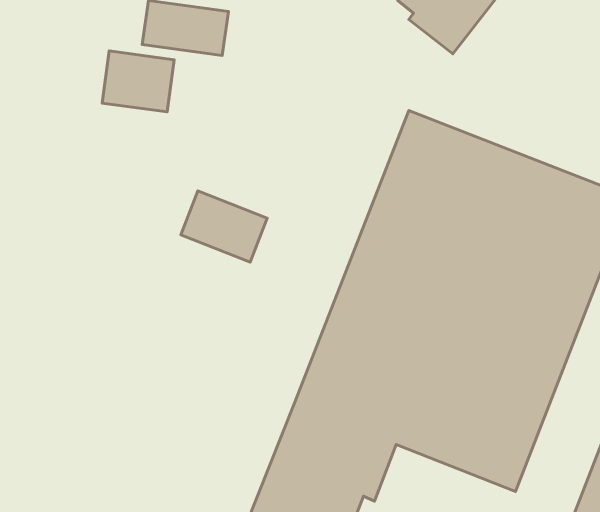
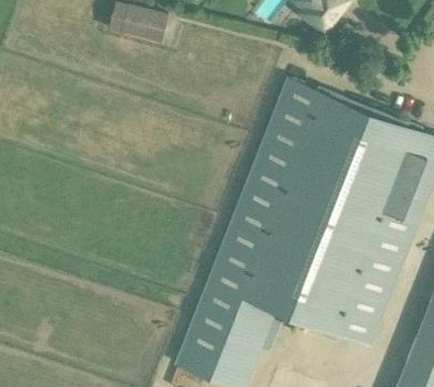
building: [102,51,174,112] -> none
building: [181,191,267,262] -> none

